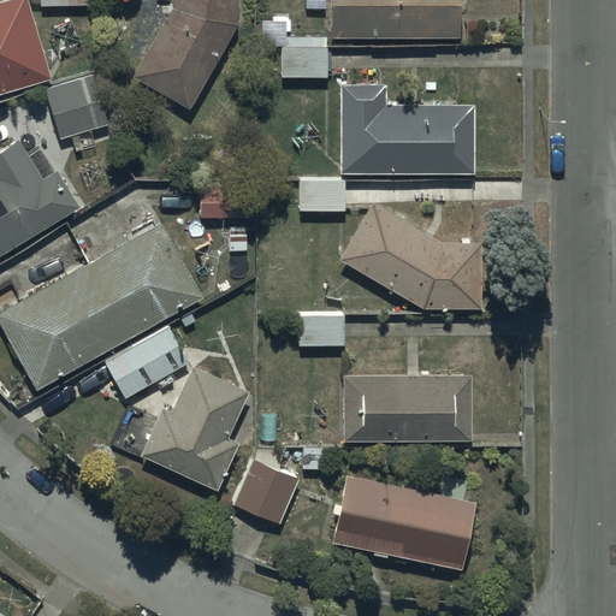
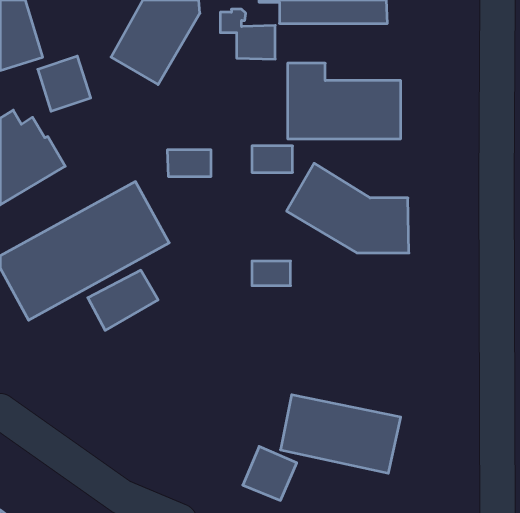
building: [140,367,247,490] -> none
building: [343,375,470,440] -> none
building: [233,461,297,525] -> [243,446,297,500]

